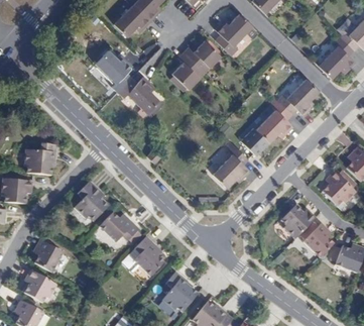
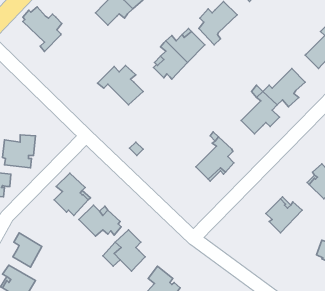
building: [95,49,133,93] -> [23,7,62,51]
building: [240,127,269,155] -> none
building: [300,222,333,257] -> none

